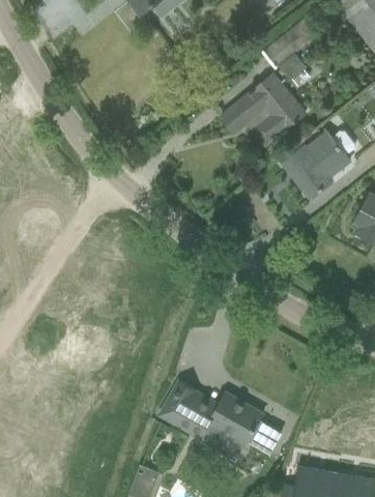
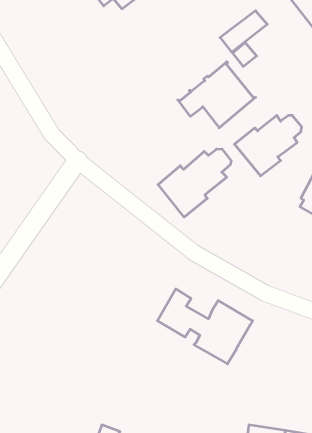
building: none -> [158,149,231,217]
building: [161,380,263,461] -> [157,289,253,364]

